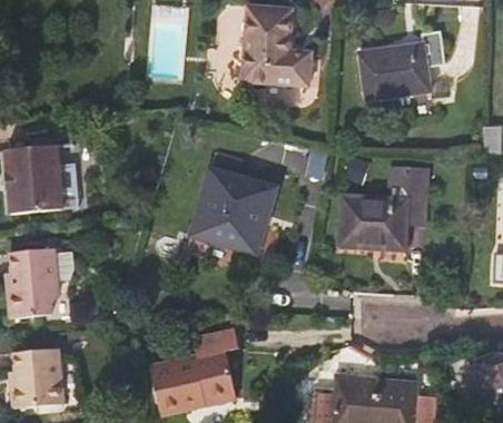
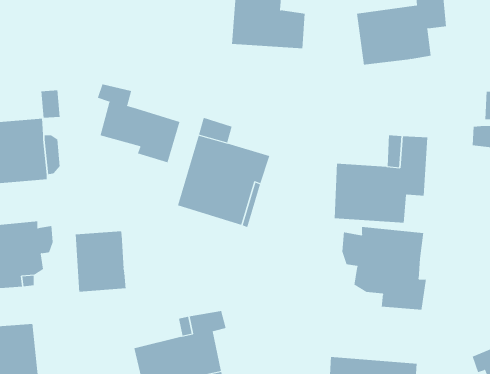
building: none -> [97,83,180,163]
building: none -> [342,226,427,311]
building: none -> [75,230,126,292]

